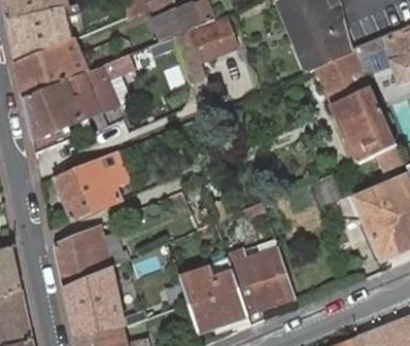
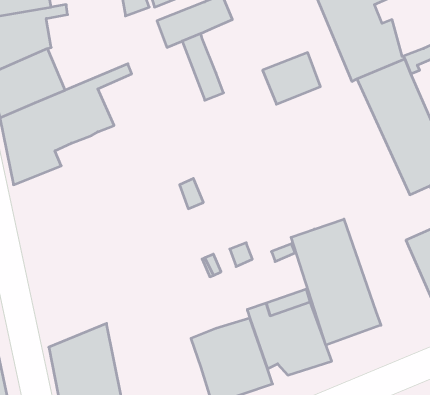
building: [189,20,236,62] -> [263,53,320,104]
building: [52,151,128,220] -> none
building: none -> [291,219,381,345]
building: [54,227,128,286] -> none

